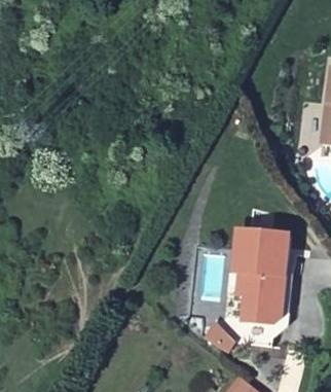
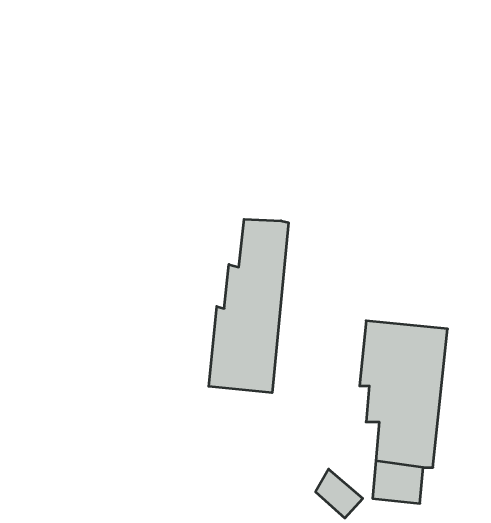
building: none -> [209,219,288,393]

